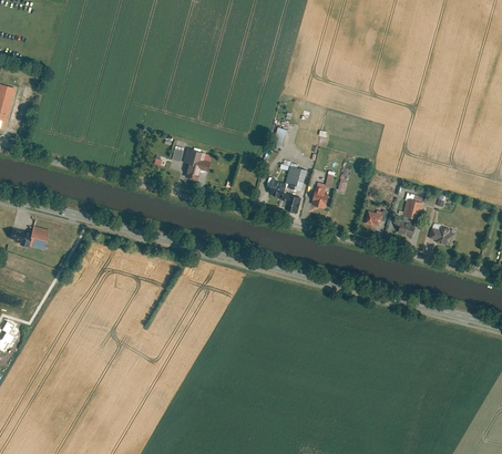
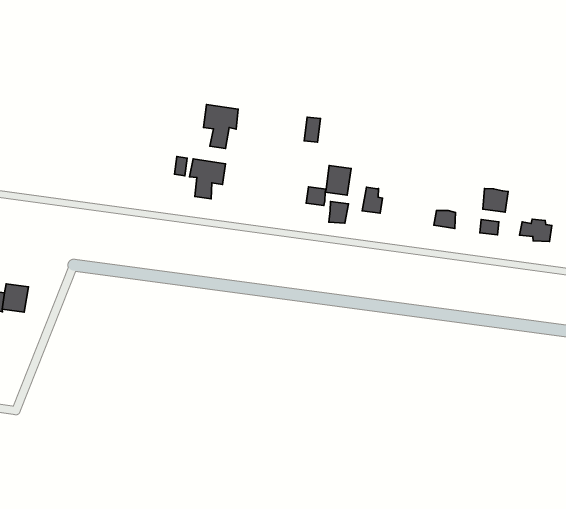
building: none -> [203,104,238,148]

